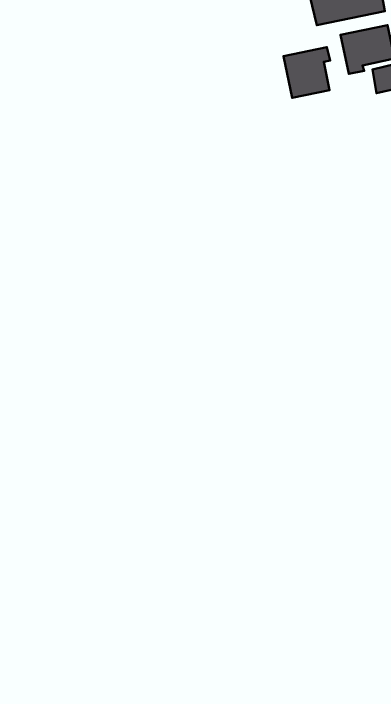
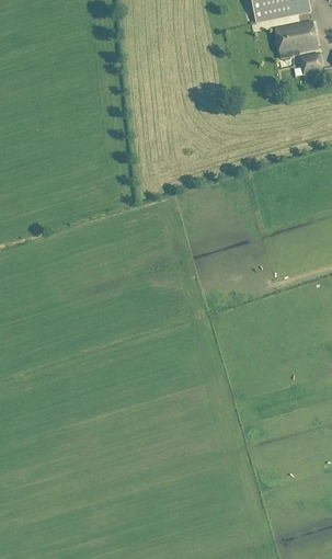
building: [283,47,330,98] -> none

